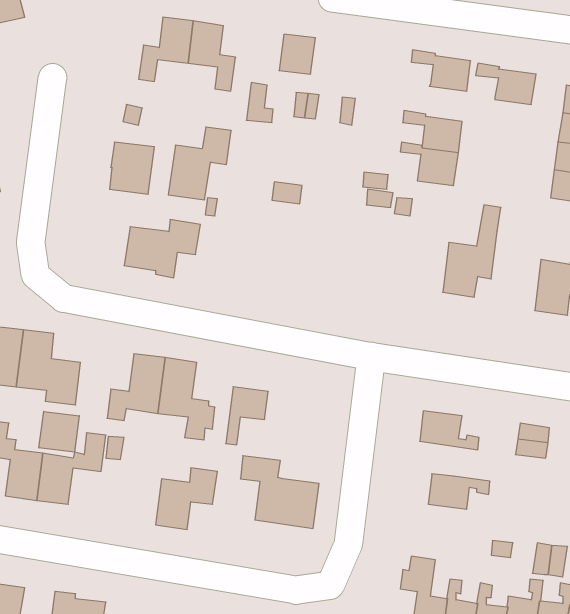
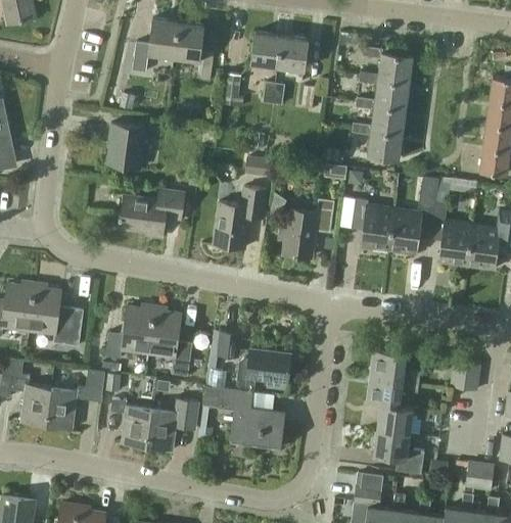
building: none -> [278,36,309,70]
building: [476,63,536,104] -> [359,72,410,106]
building: [168,127,231,200] -> [214,187,267,248]
building: none -> [280,198,335,257]
building: none -> [352,198,394,250]
building: none -> [430,199,472,266]
building: none -> [236,348,291,388]
building: [39,411,79,452] -> none
building: none -> [366,376,419,406]
building: none -> [111,398,152,446]
building: none -> [374,429,424,475]

